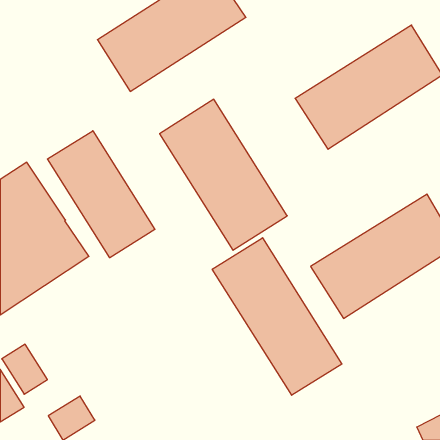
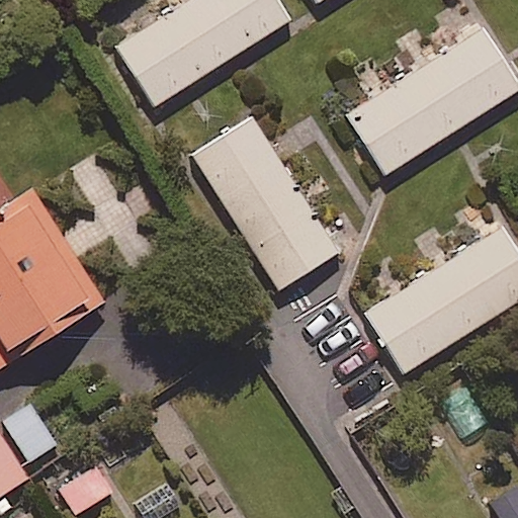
building: [47,131,155,258] -> none
building: [212,238,342,395] -> none

